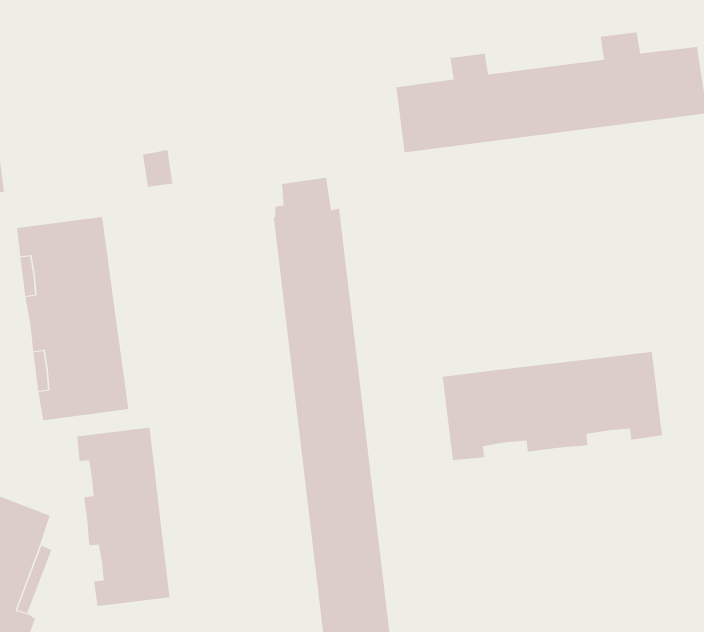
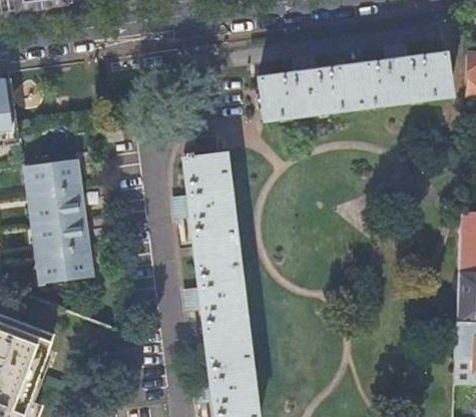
building: [442,351,663,461] -> none
building: [77,427,170,607] -> none

